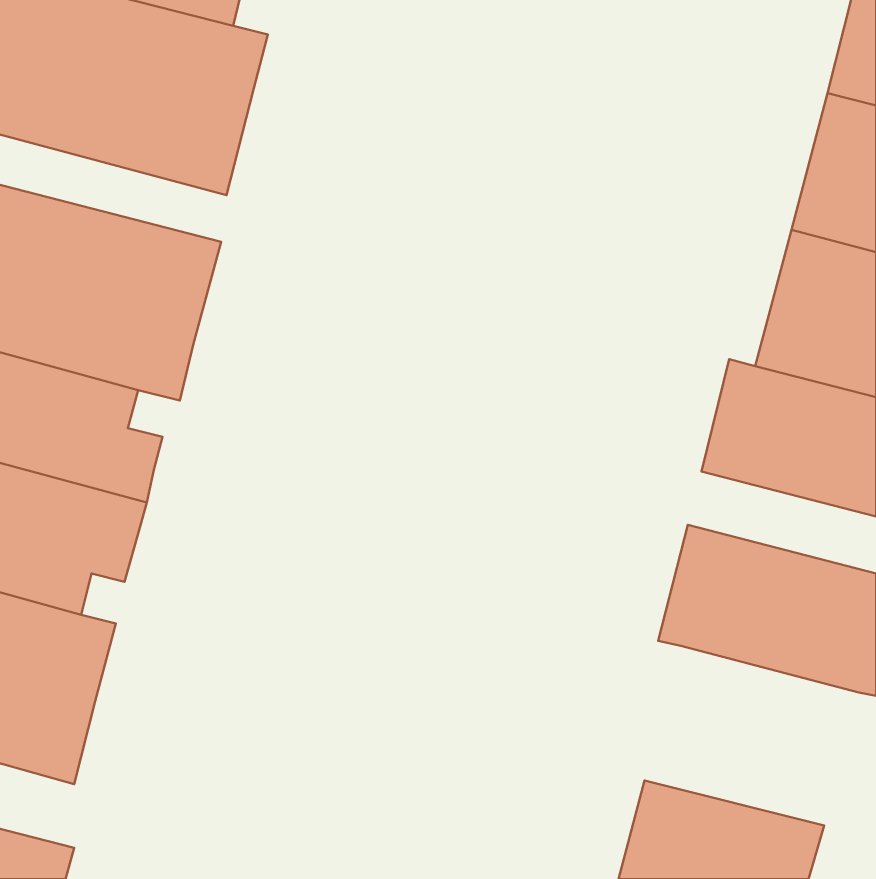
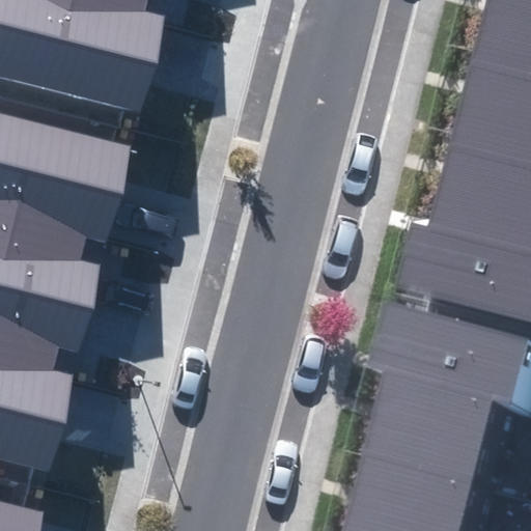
building: none -> [387,388,515,496]

